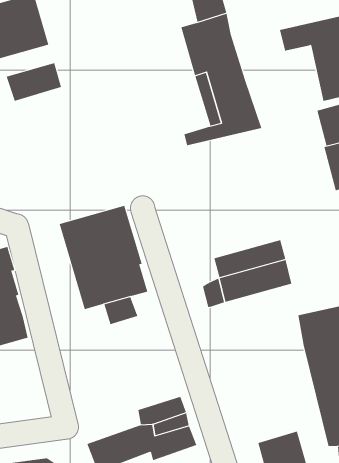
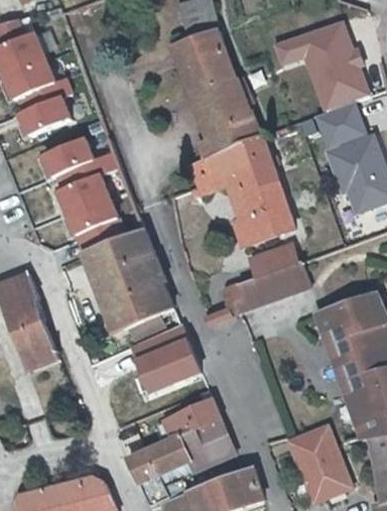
building: none -> [37,136,92,177]
building: none -> [191,139,296,249]
building: none -> [51,168,118,235]
building: none -> [131,338,196,391]

